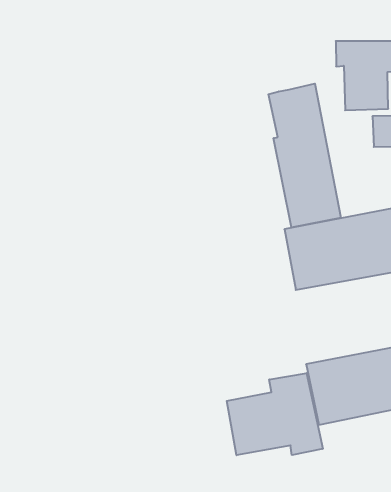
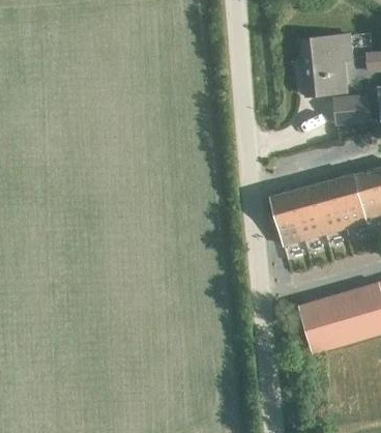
building: [268,84,341,228] -> none
building: [227,373,323,455] -> none

